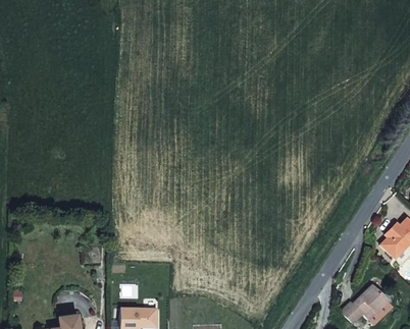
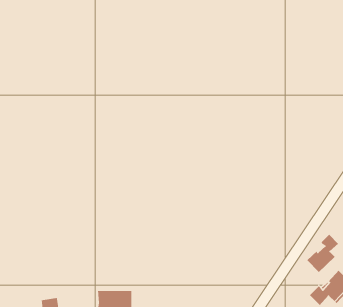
building: none -> [306,234,339,273]

